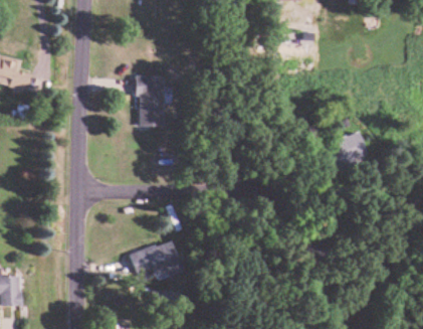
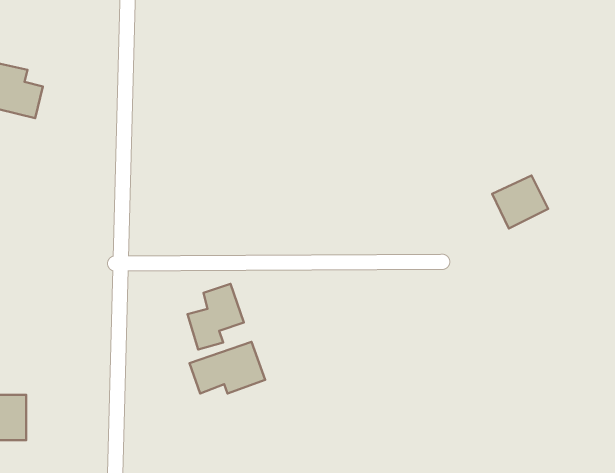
building: [137,75,165,126] -> none
building: none -> [188,284,244,350]

